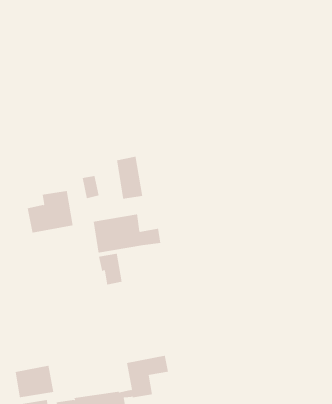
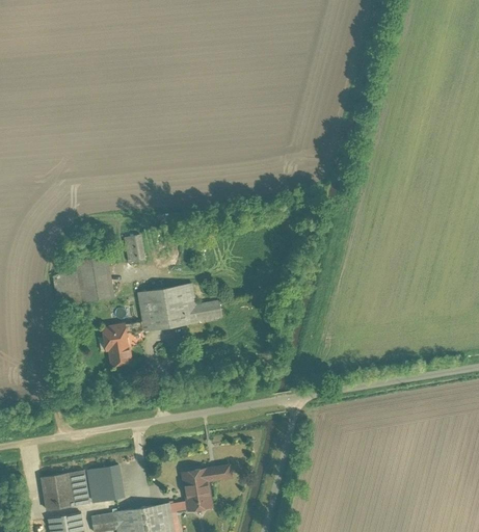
building: [117,156,143,200] -> none
building: [98,253,123,285] -> [100,327,130,367]
building: none -> [86,466,125,503]

